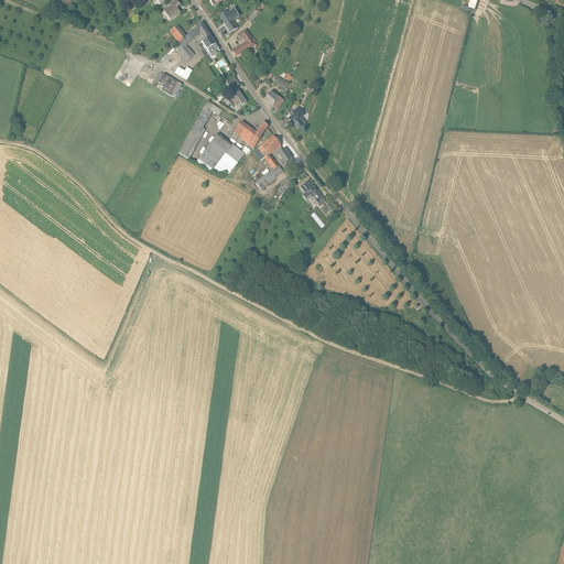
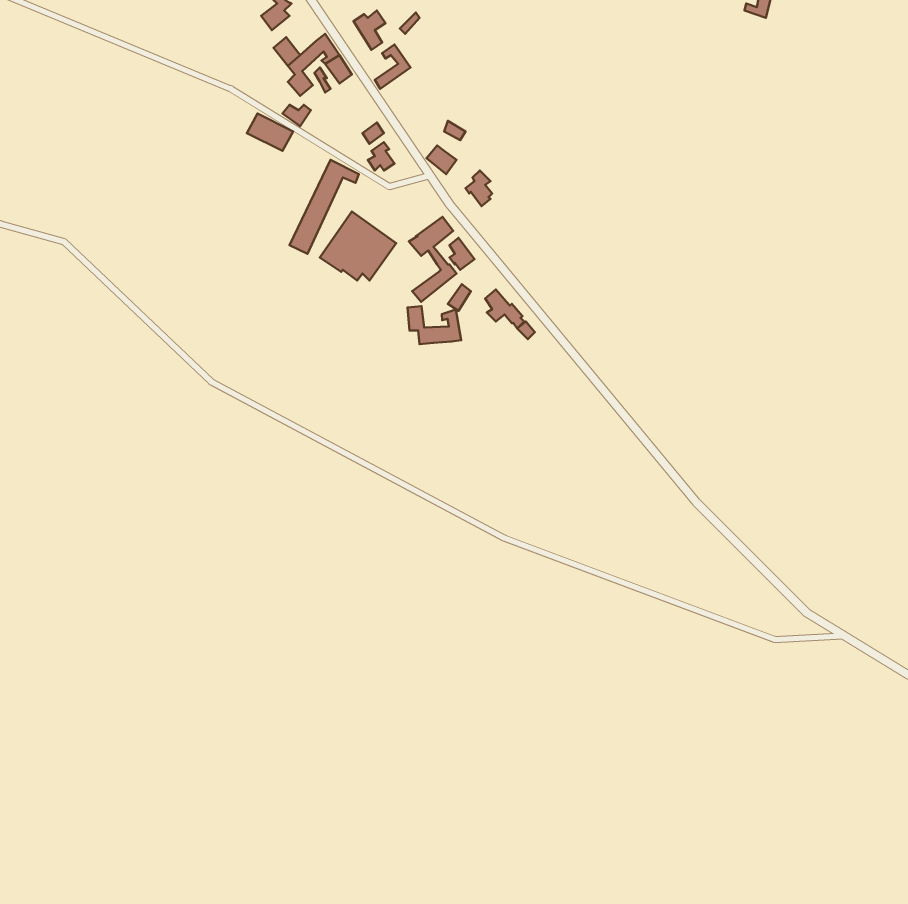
building: [231,120,268,147] -> none
building: none -> [408,306,461,344]

